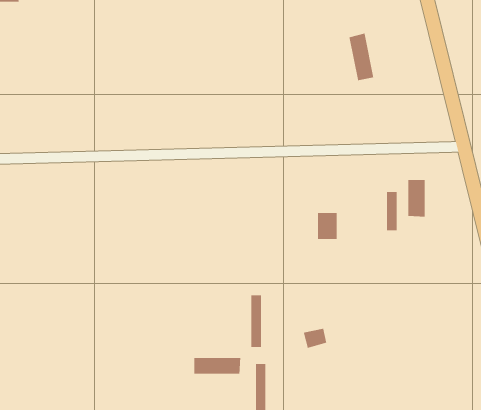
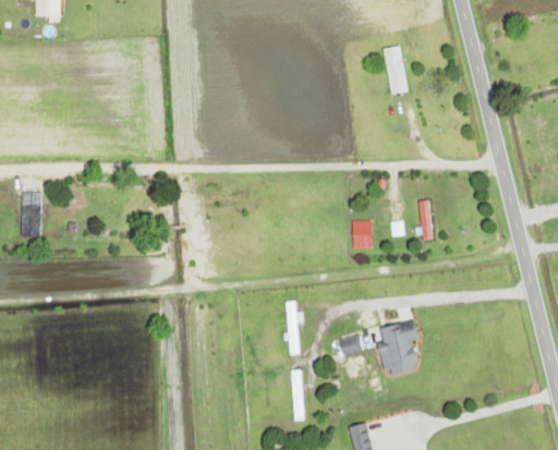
building: [408,179,426,218] -> none
building: none -> [376,319,418,375]
building: [194,357,241,374] -> none

